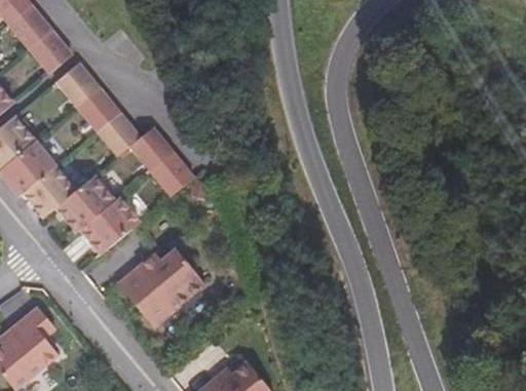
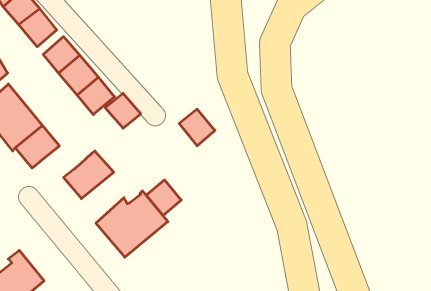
building: [151,151,194,195] -> [179,109,215,146]
building: [53,174,113,231] -> none
building: none -> [146,180,181,215]

